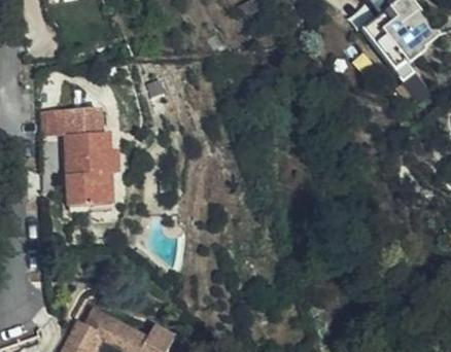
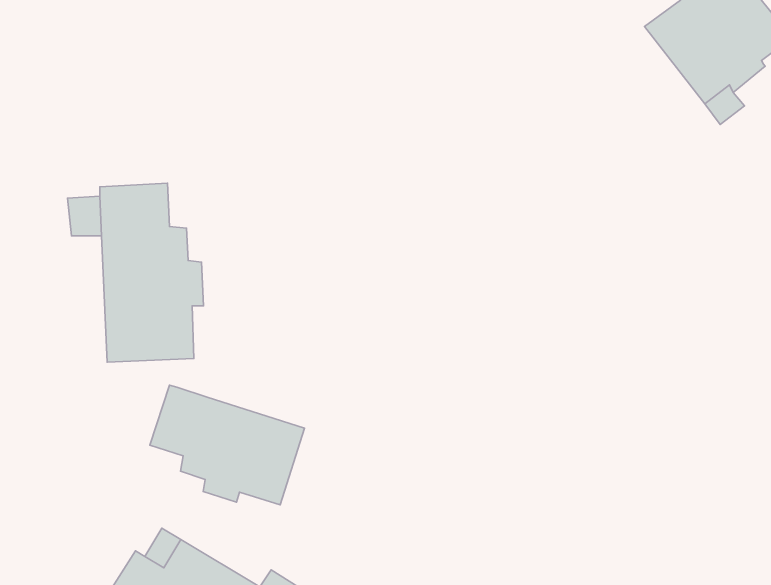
building: none -> [150,385,305,505]

